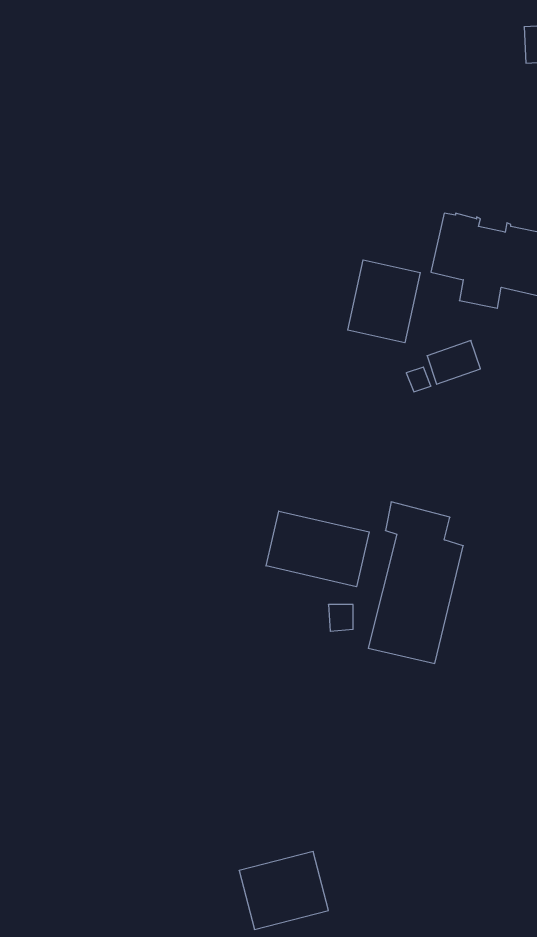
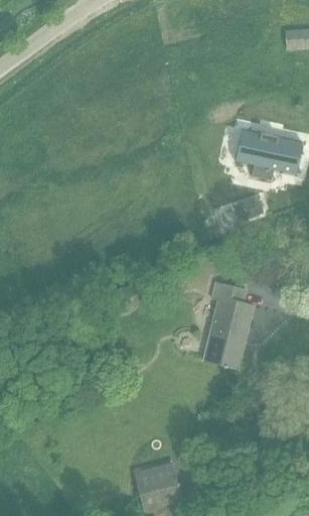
building: [348,260,420,343] -> none
building: [266,511,369,587] -> none

